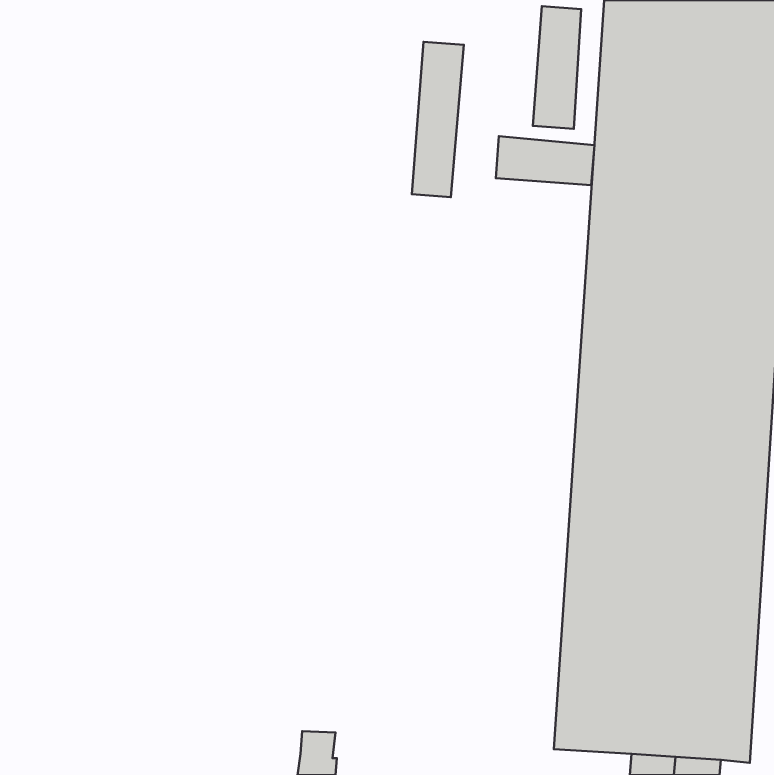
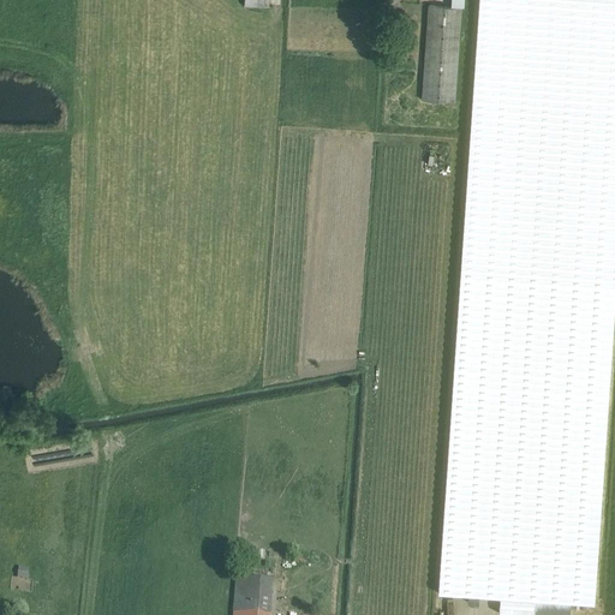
building: [412,42,464,197] -> none
building: [496,136,594,185] -> none

